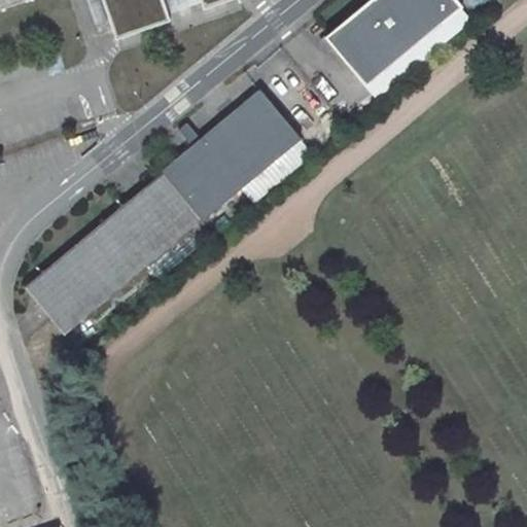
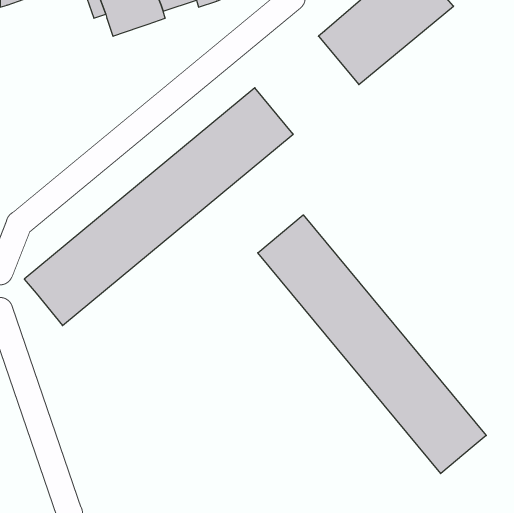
building: none -> [258,215,486,474]

